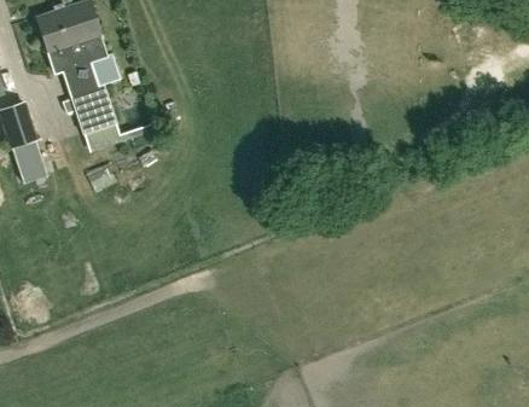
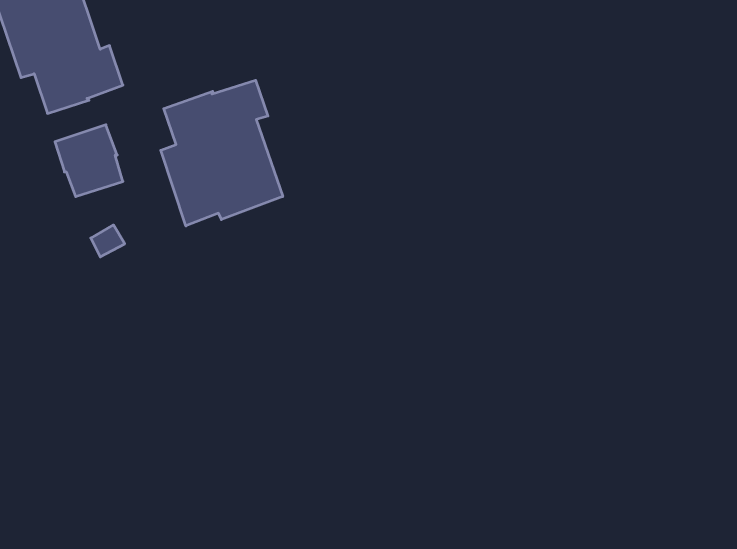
building: none -> [161,80,283,226]

